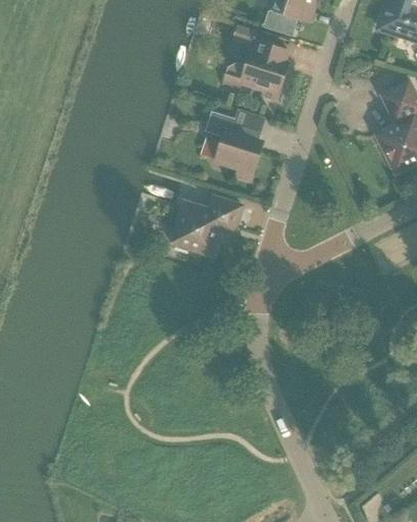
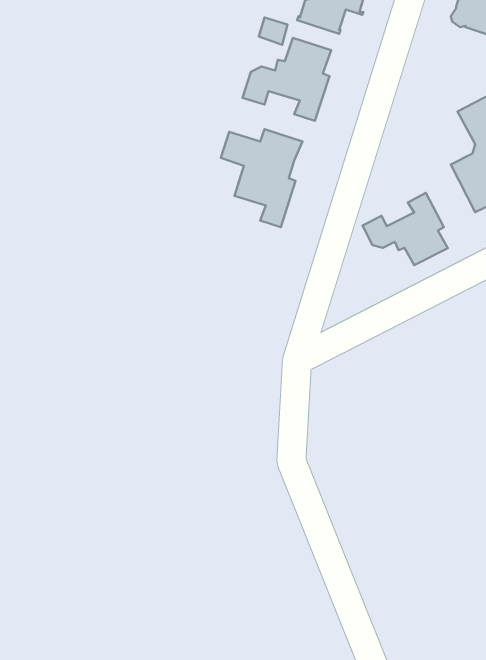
building: none -> [363,193,448,265]
building: [169,197,241,256] -> none

